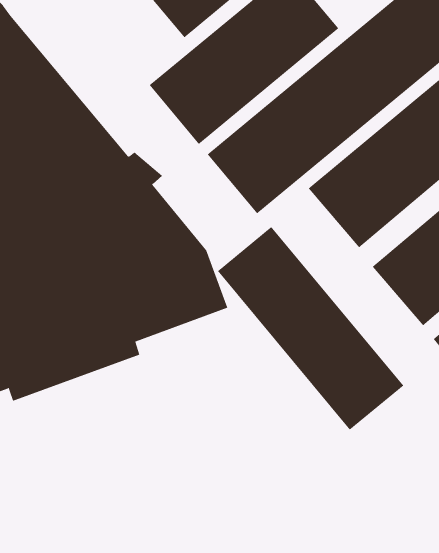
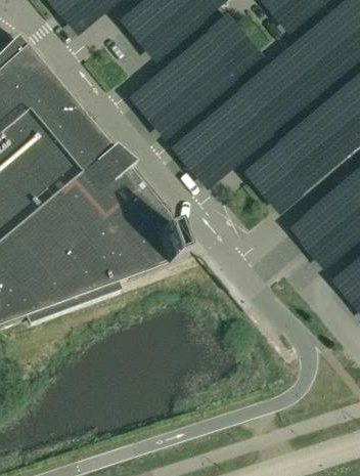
building: [217,226,404,430] -> none

